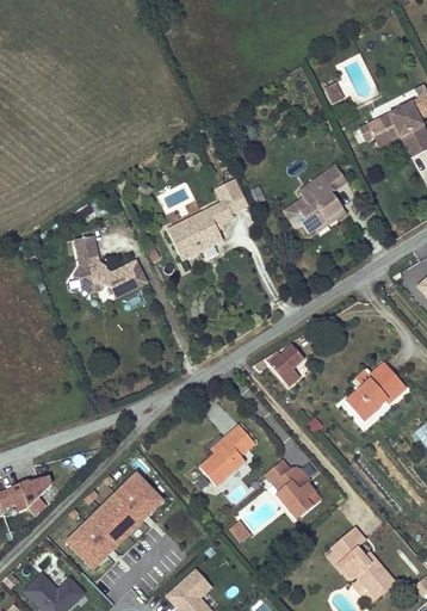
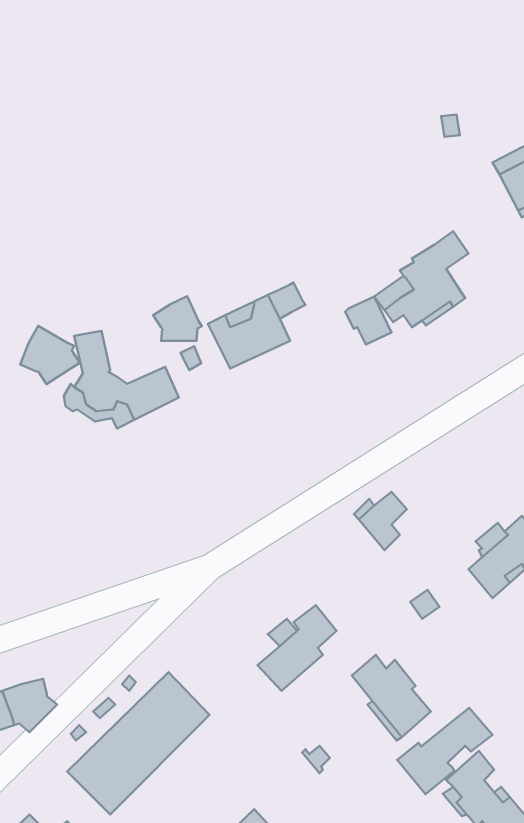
building: [216,179,248,212] -> [345,296,391,344]
building: none -> [153,296,202,341]
building: none -> [20,326,80,384]
building: none -> [397,708,492,794]

